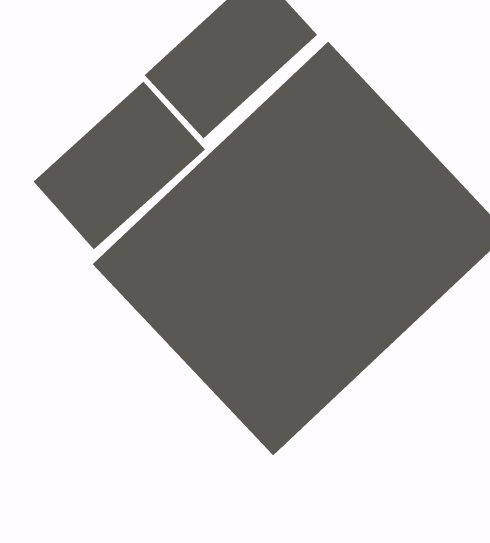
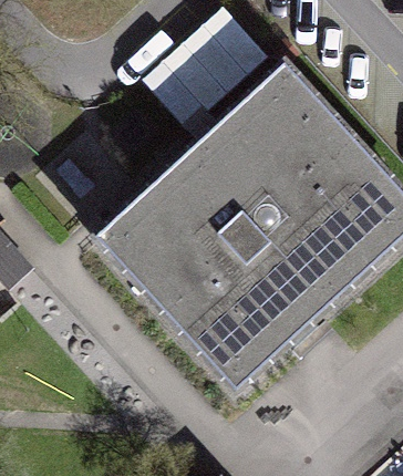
building: [33,81,206,250] -> none

